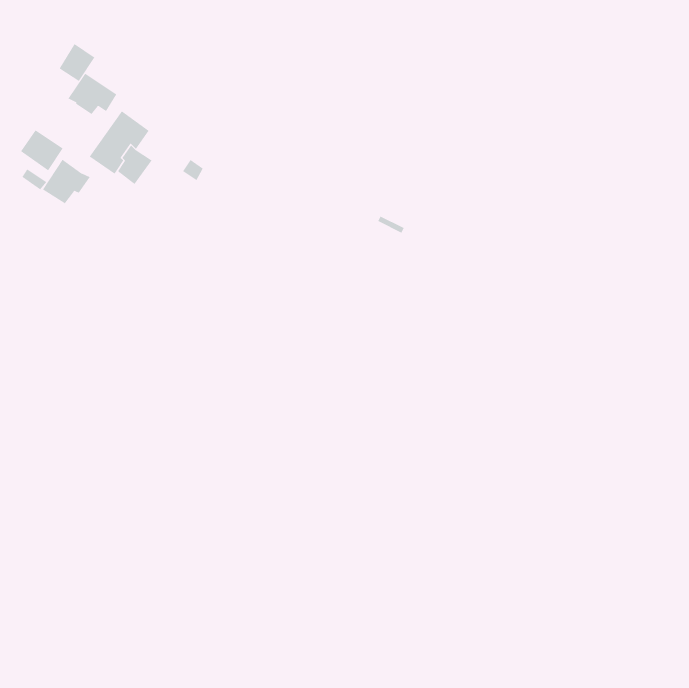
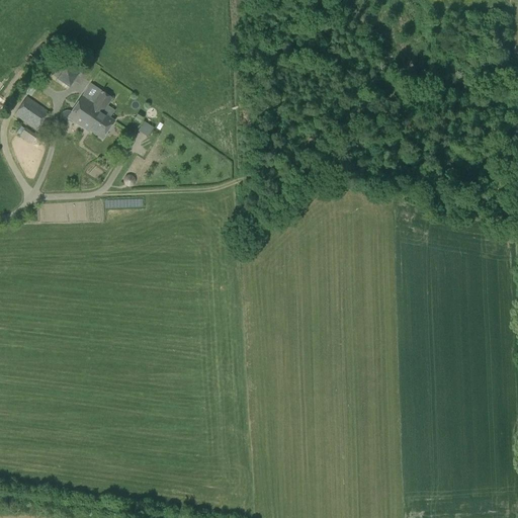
building: [59,43,95,82] -> none
building: [42,159,90,204] -> none

